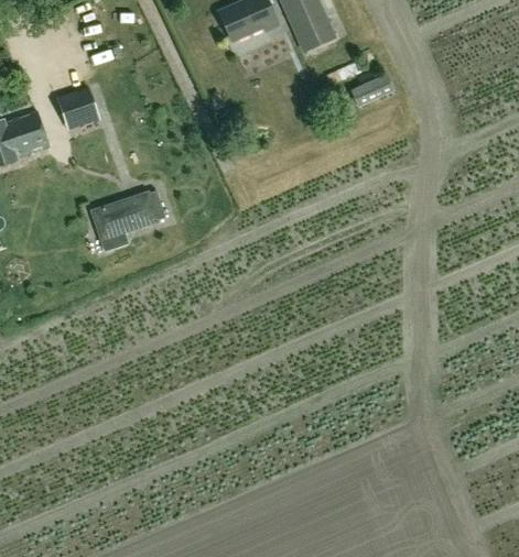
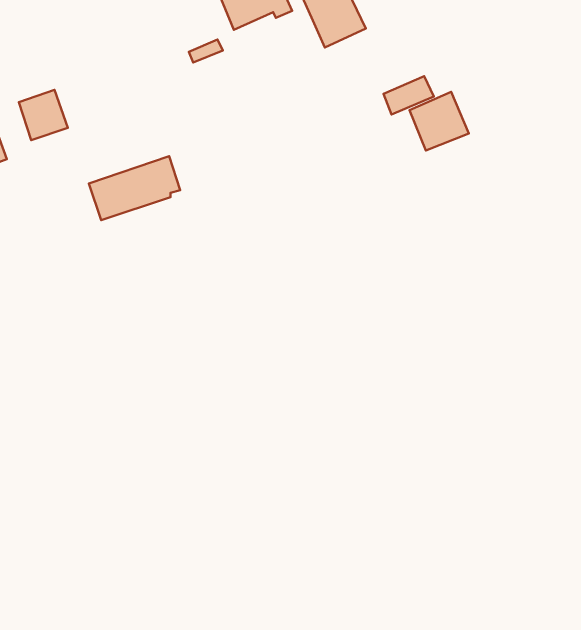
building: none -> [410,92,469,151]
building: [93,189,166,241] -> [89,156,180,220]

